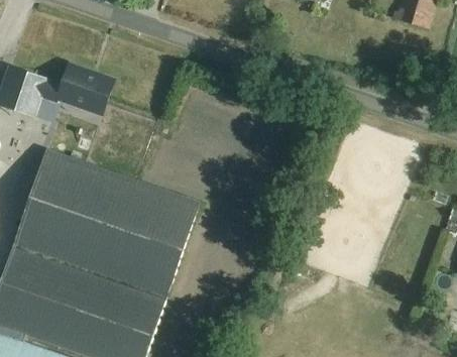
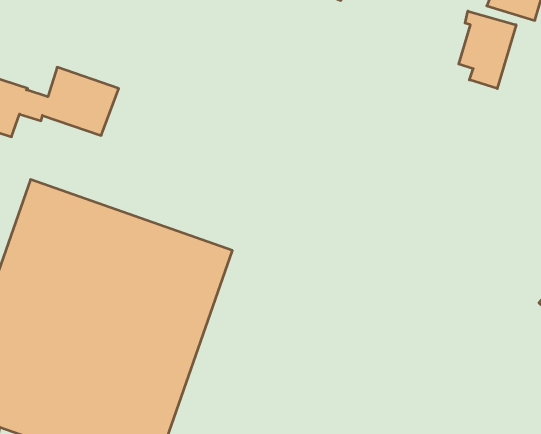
building: none -> [459,11,516,89]

